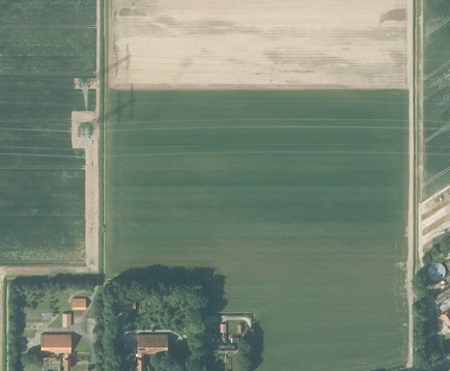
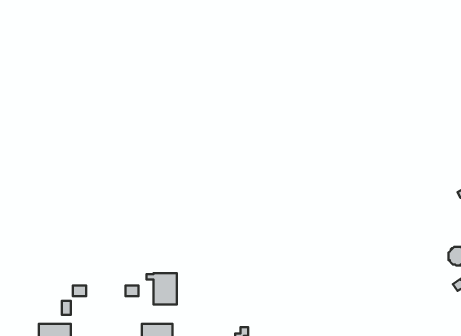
building: none -> [147,273,177,304]

